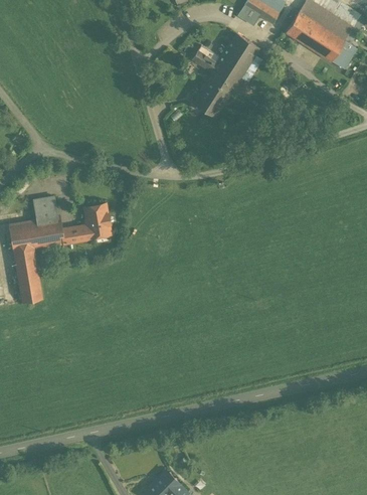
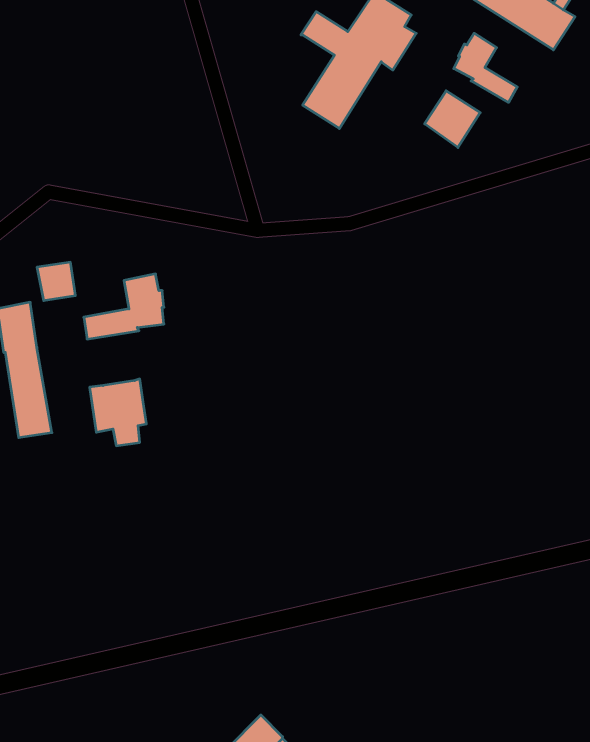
building: none -> [454,33,517,102]
building: none -> [425,91,480,148]
building: [29,215,63,256] -> [90,379,146,446]

